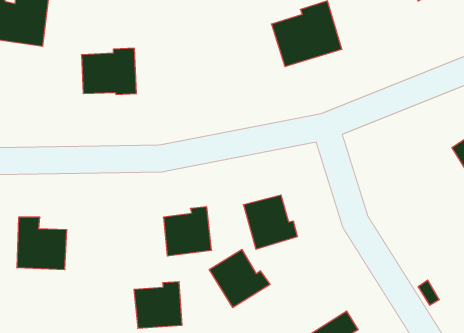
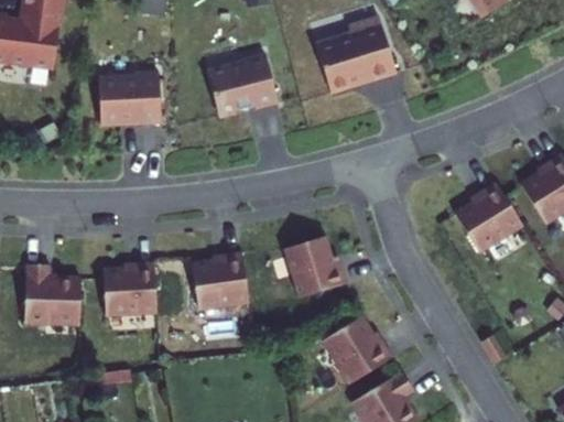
building: none -> [206,53,276,116]
building: none -> [454,182,520,251]
building: [209,250,270,307] -> [323,317,392,383]
building: [134,282,182,328] -> [102,262,158,315]

